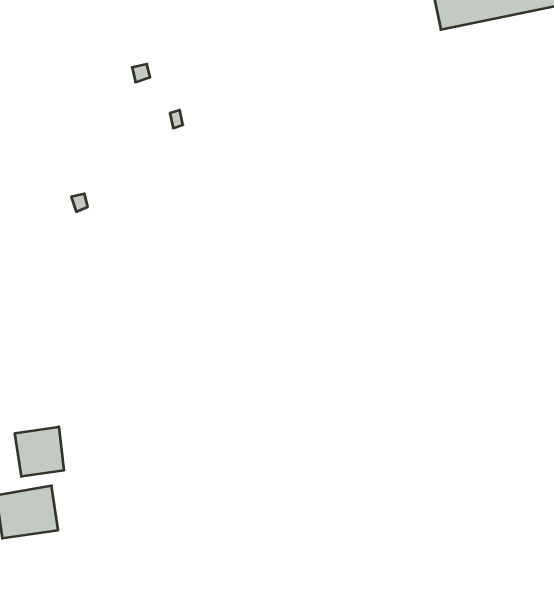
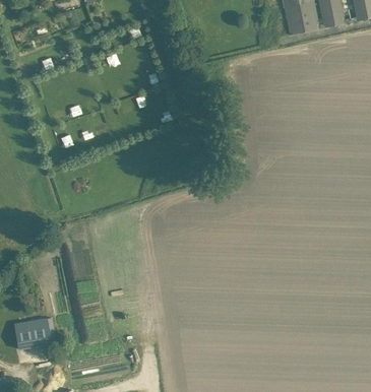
building: [15,427,64,477] -> none

